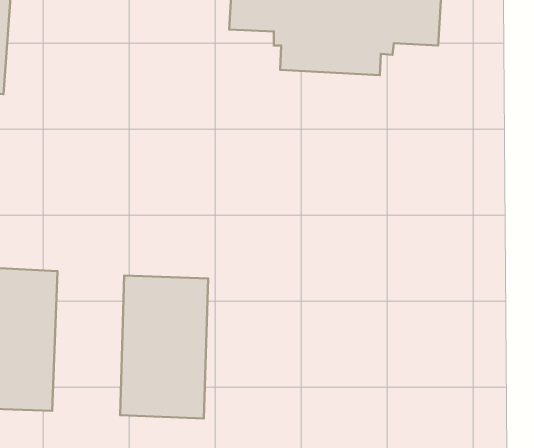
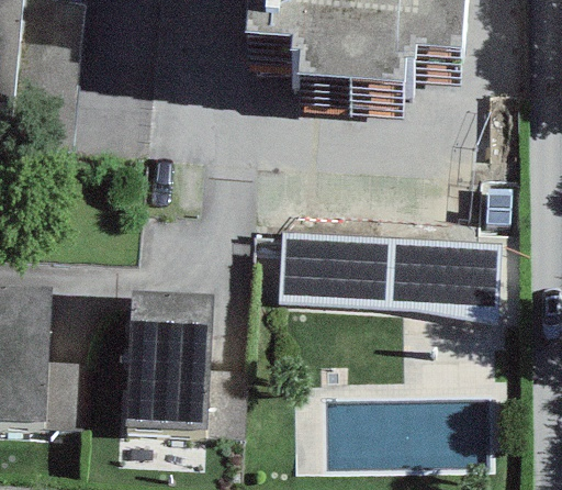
building: none -> [272,224,497,318]

